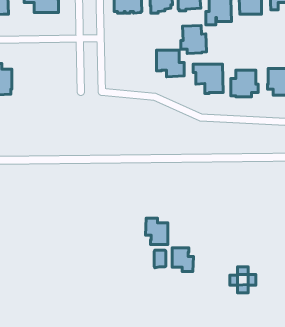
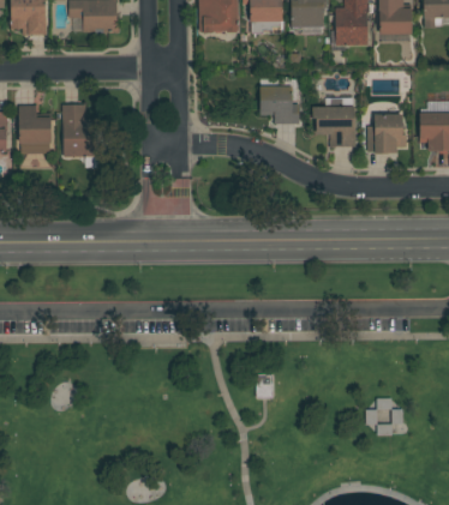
building: [181,25,207,53] -> none
building: none -> [62,103,97,167]
building: [146,218,168,245] -> none
building: [172,248,193,271] -> none

